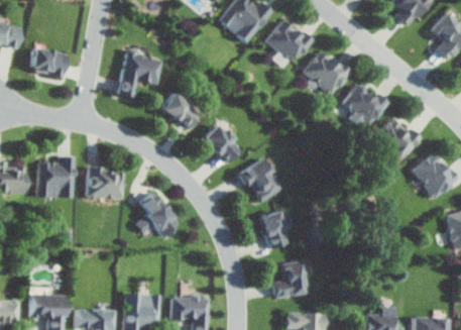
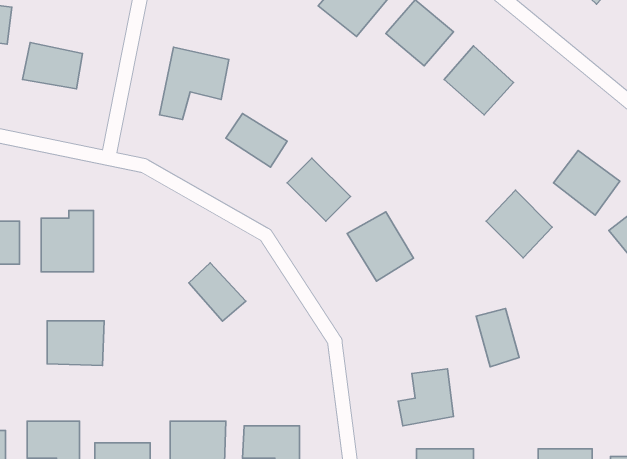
building: [342,81,385,125] -> [486,190,552,258]
building: [87,169,124,198] -> [47,321,104,365]
building: [260,211,289,249] -> [476,308,519,367]

